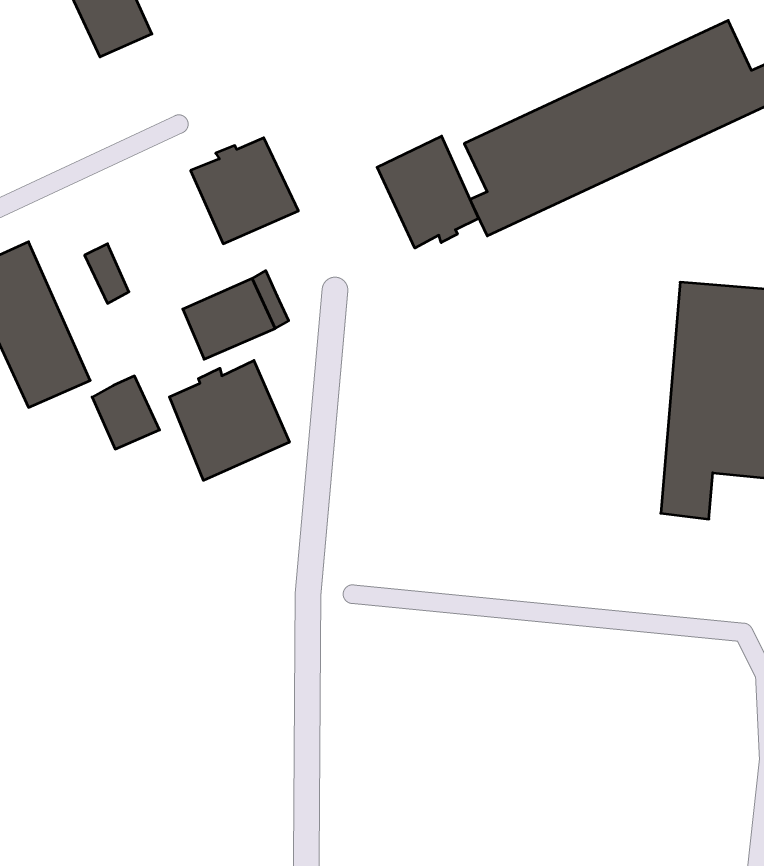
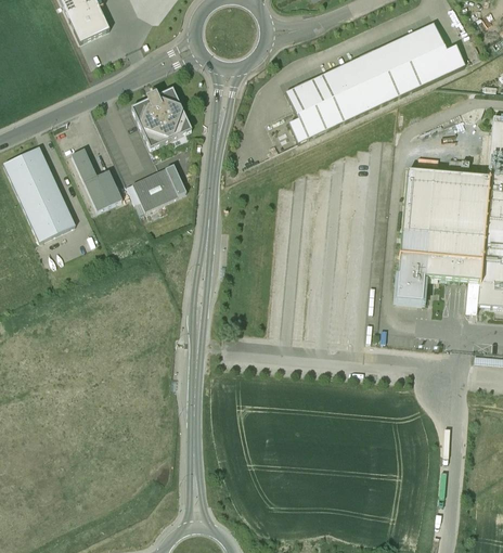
building: [377,136,478,248] -> none
building: [169,360,289,480] -> none
building: [92,376,160,449] -> [85,169,122,210]

